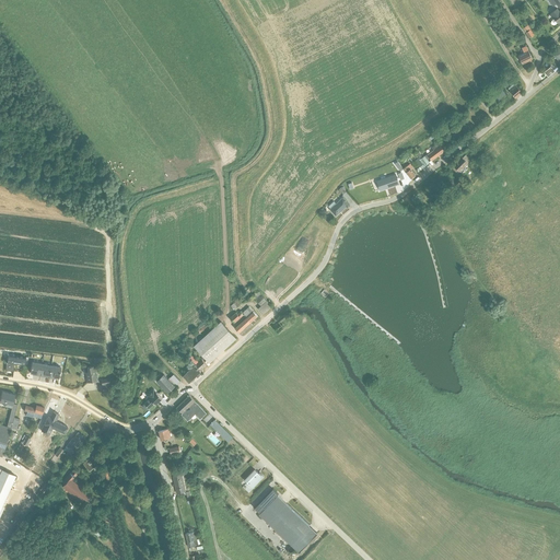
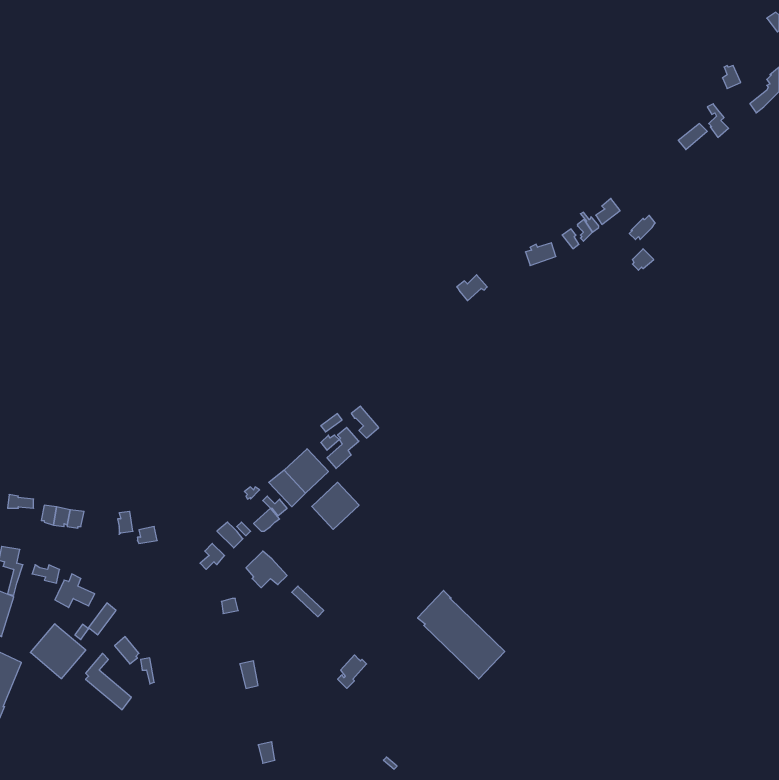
building: none -> [312,482,359,529]
building: none -> [30,624,86,679]
building: [254,489,316,552] -> [418,590,505,679]

